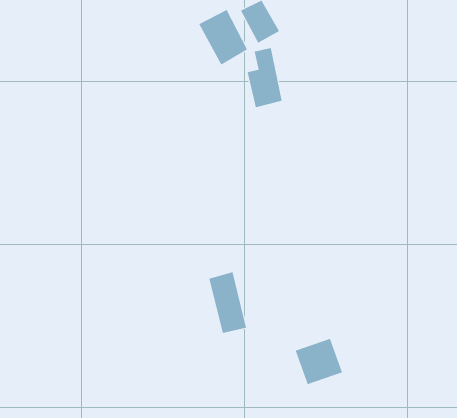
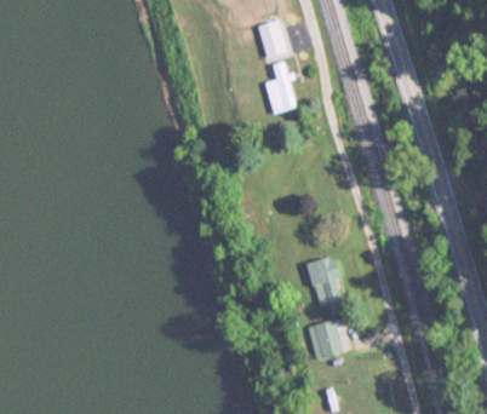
building: [199,9,248,65] -> none
building: [208,272,247,333] -> [314,260,348,315]

